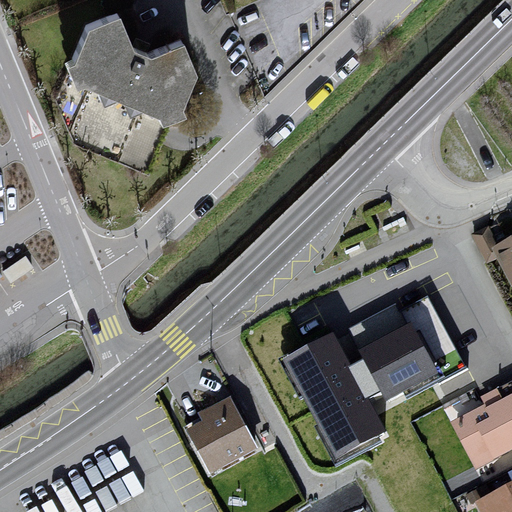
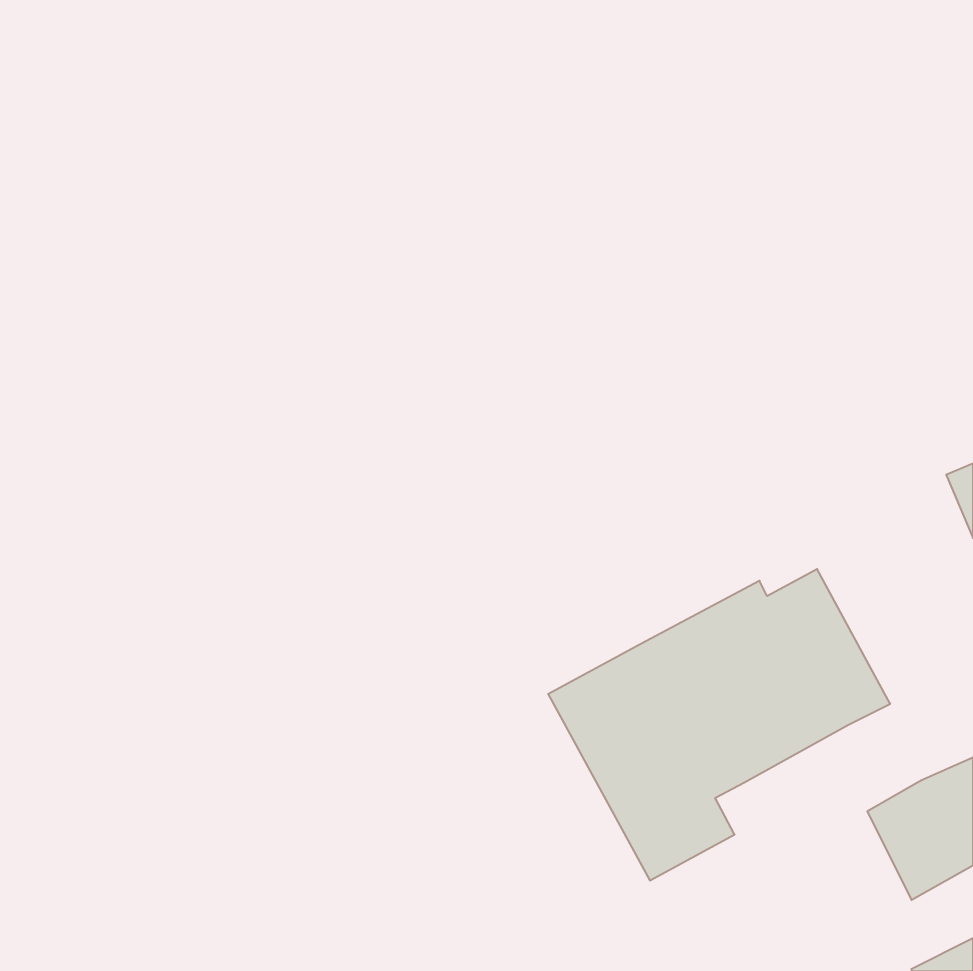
building: [66,12,198,119] -> none
building: [189,397,260,477] -> none

